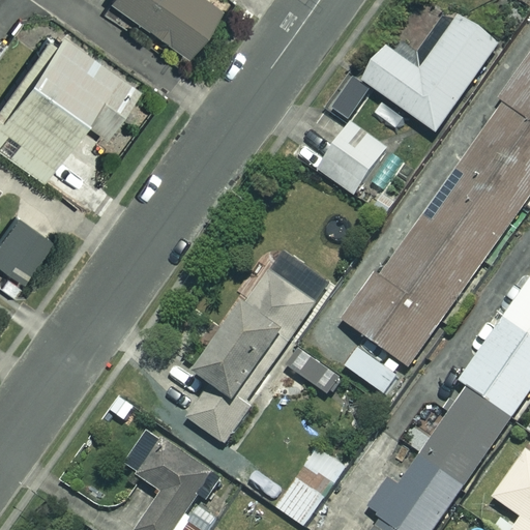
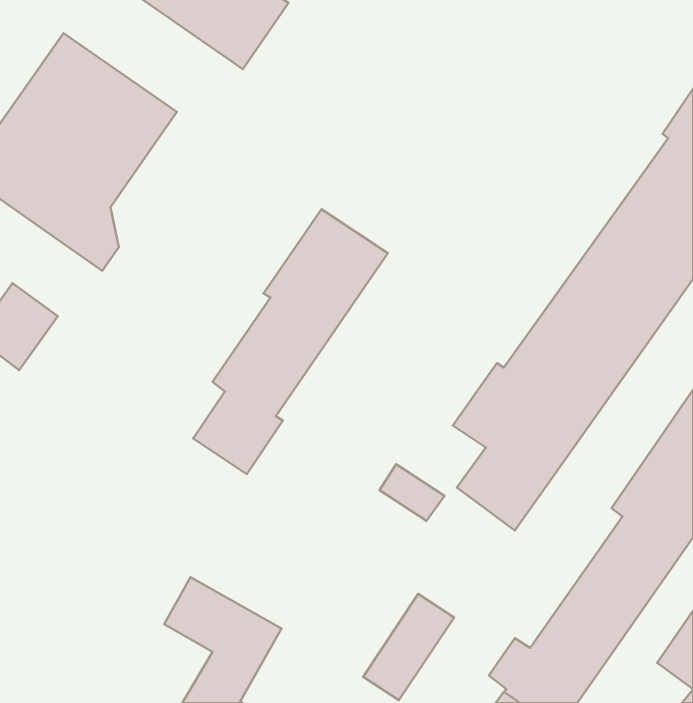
building: [361,16,499,134] -> none
building: [314,121,385,200] -> none
building: [184,246,330,445] -> [193,209,388,474]

